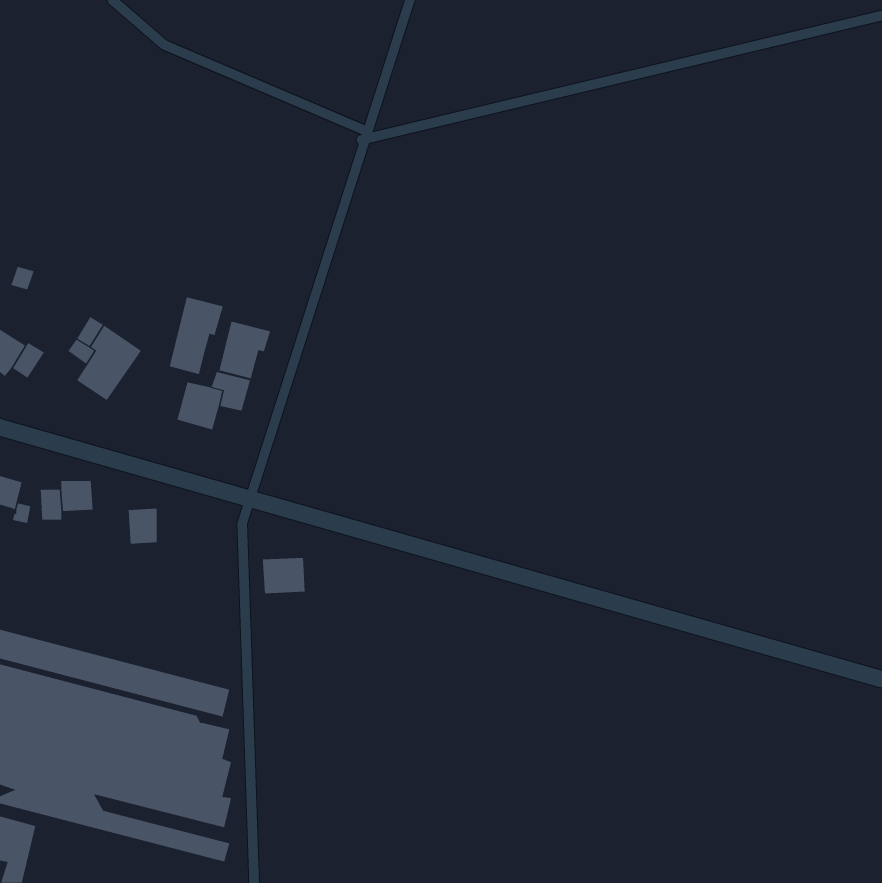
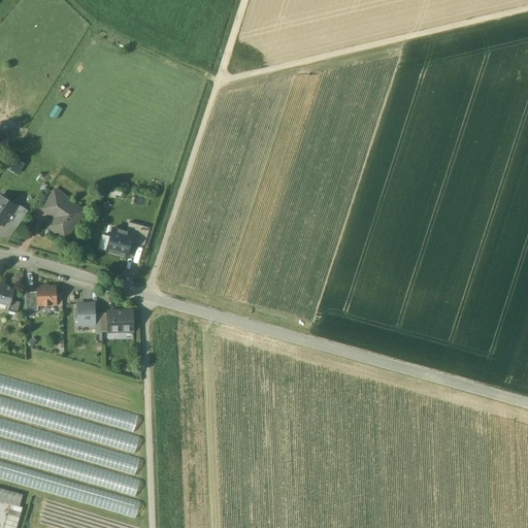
building: [169,296,223,375] -> none
building: [219,321,271,379] -> none
building: [262,557,306,594] -> [106,310,132,332]

